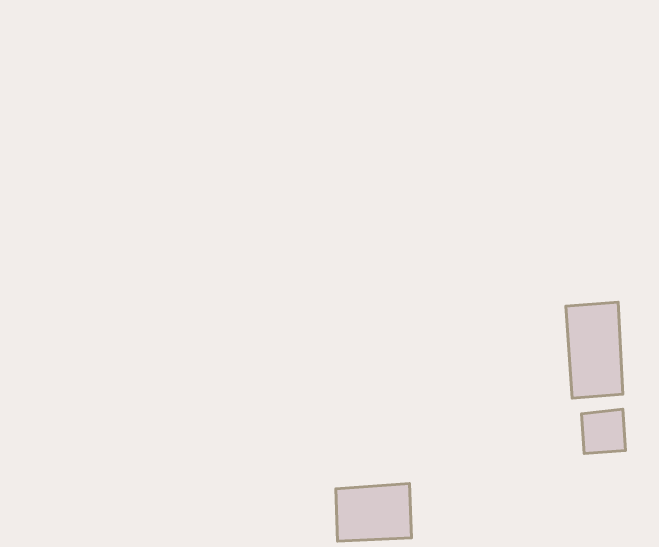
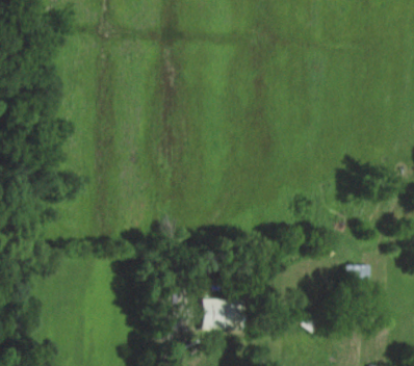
building: [566,302,623,398] -> none

